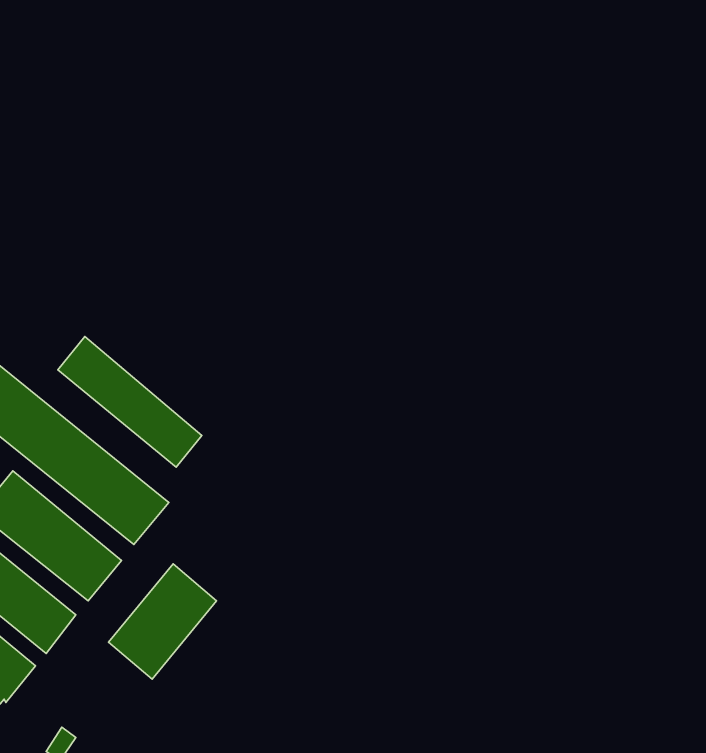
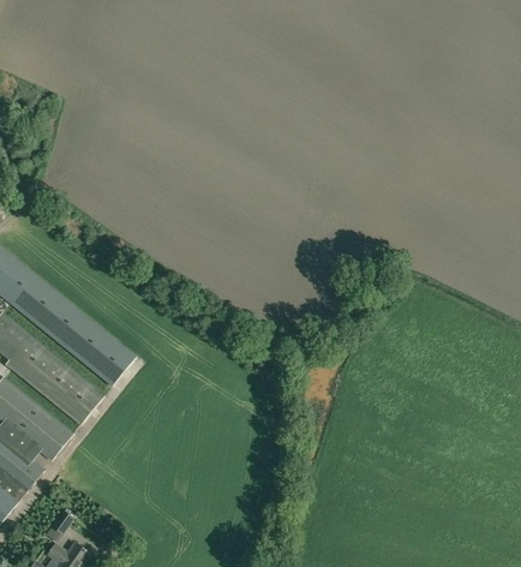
building: [58,336,202,467] -> none
building: [109,564,216,679] -> none

